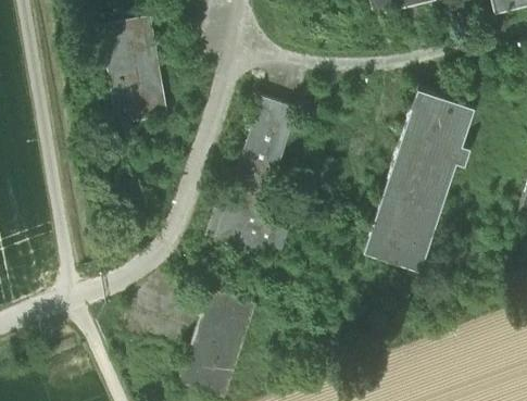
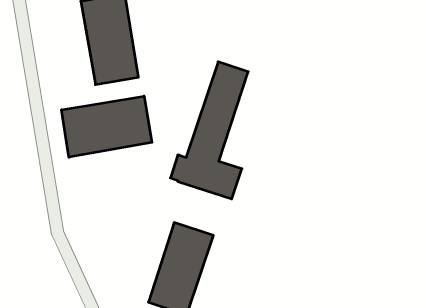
building: [364,86,475,268] -> none
building: none -> [62,96,152,157]

